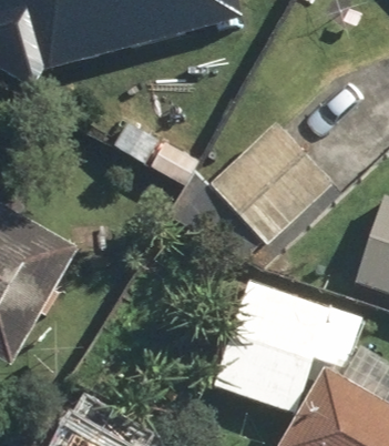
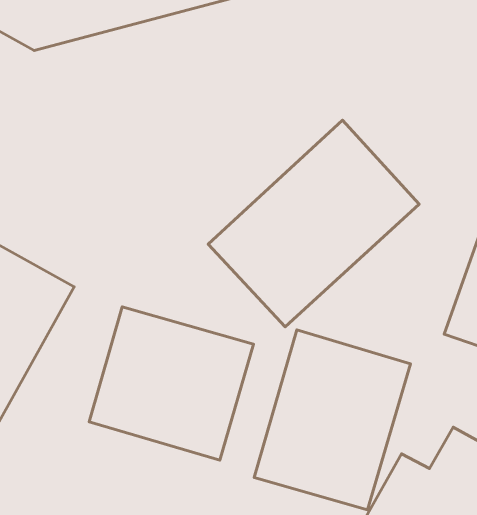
building: none -> [89,307,254,460]

